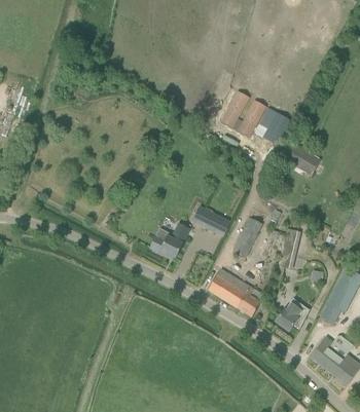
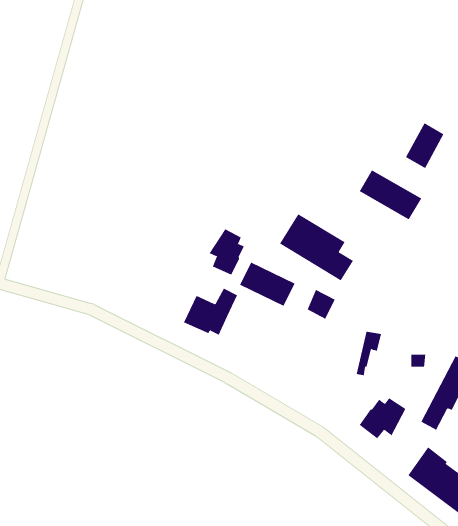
building: [219,90,265,137] -> none
building: [262,112,290,145] -> [405,123,444,169]
building: none -> [209,228,245,276]
building: [207,268,260,316] -> [279,213,354,281]

